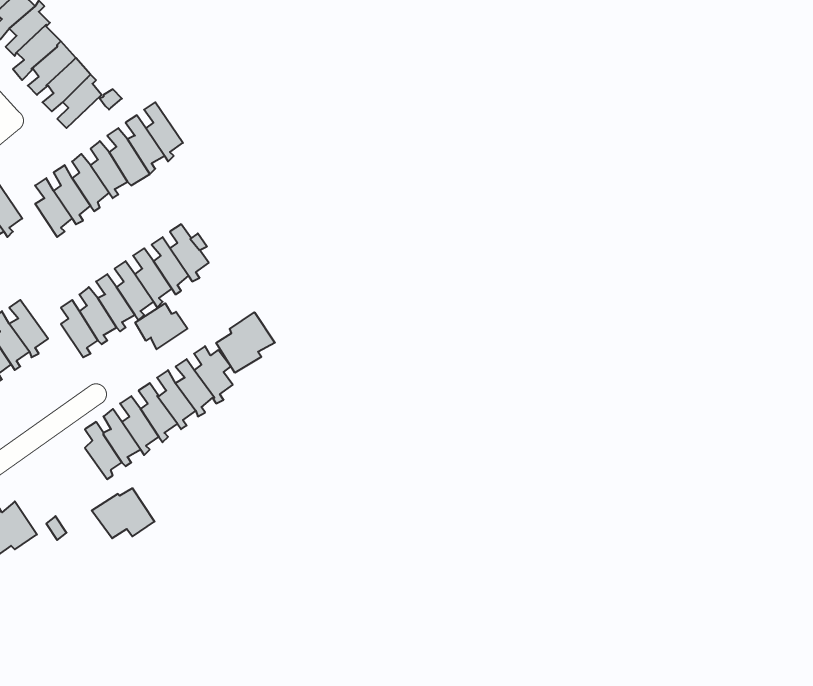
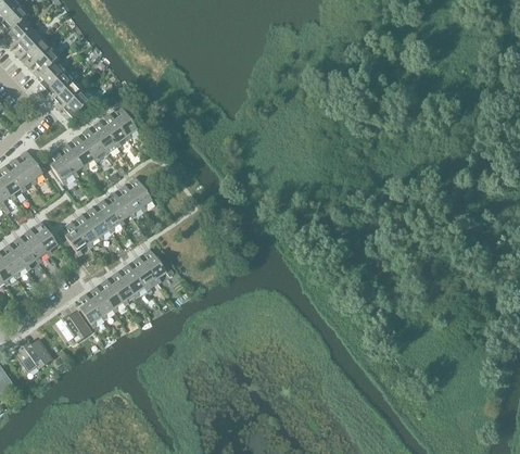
building: [135,303,187,349] -> none
building: [216,312,275,373] -> none
building: [92,488,155,538] -> [52,312,89,341]

